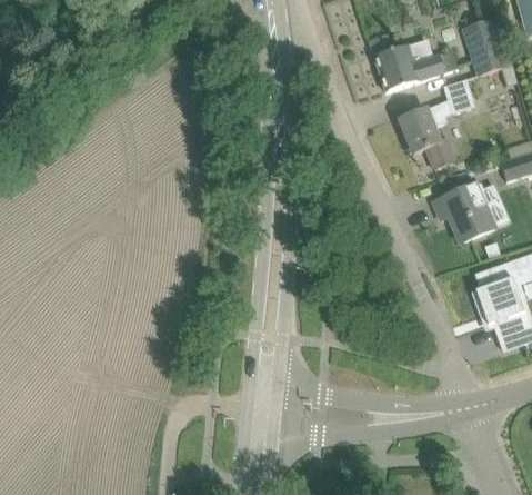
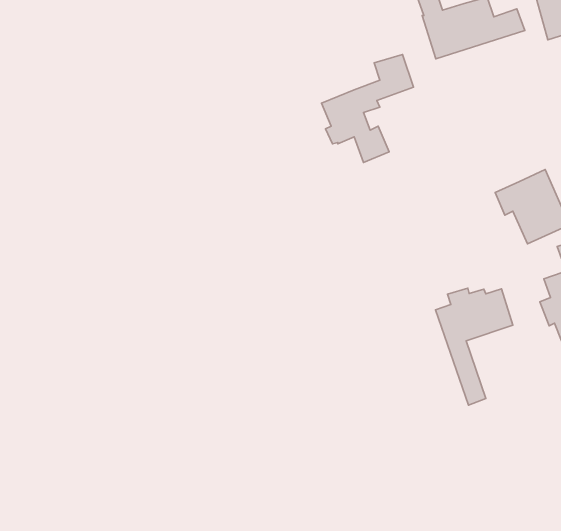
building: [399,79,474,168] -> [322,55,413,163]
building: none -> [435,288,513,405]

